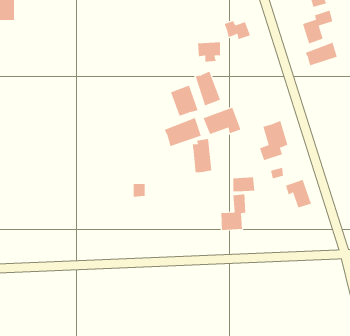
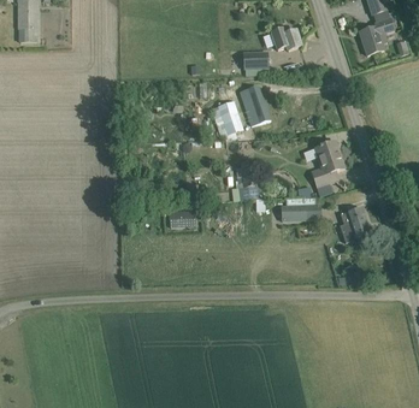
building: [305,42,338,66] -> none
building: [203,107,241,135] -> none
building: [164,117,201,147] -> none
building: [221,194,246,231] -> none

